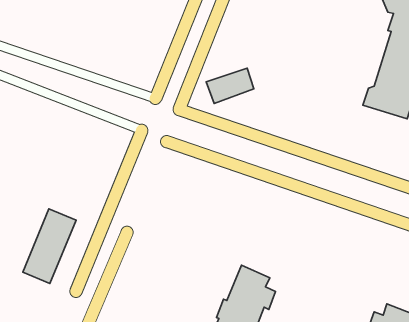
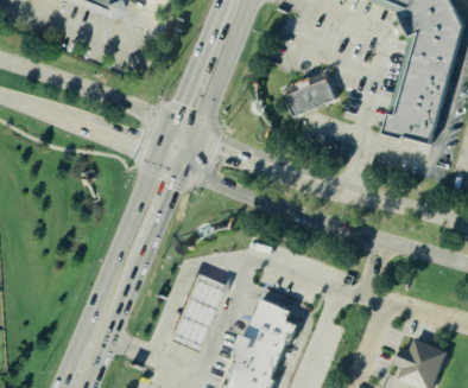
building: [206,68,254,103] -> [287,77,337,114]
building: [23,209,76,284] -> [166,273,222,351]

